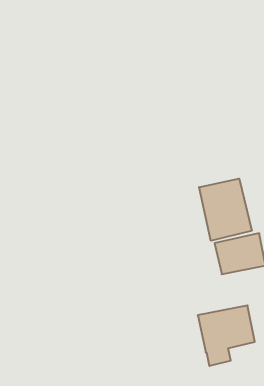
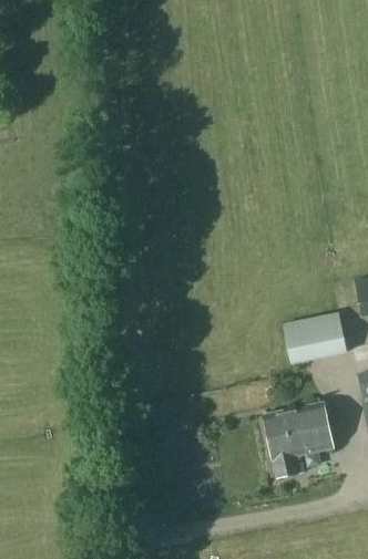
building: [199,179,252,241] -> none

